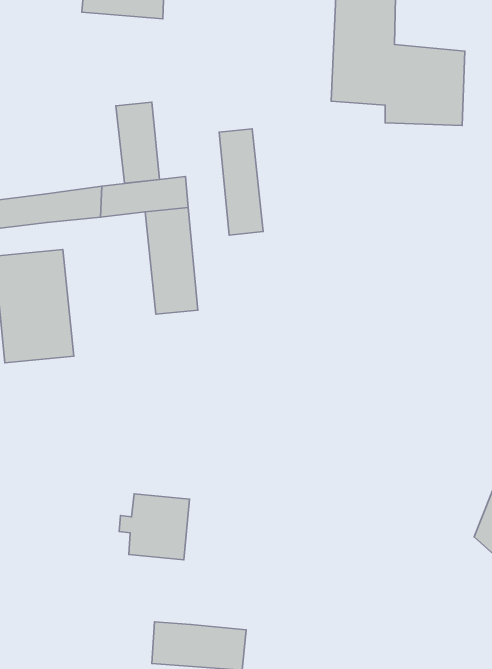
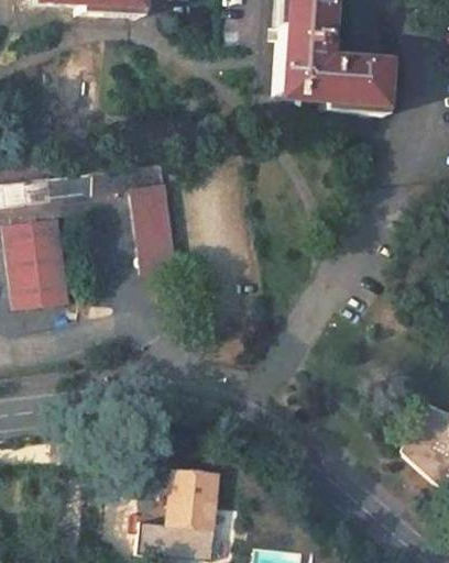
building: [116,102,159,183] -> none
building: [219,129,263,235] -> none
building: [119,494,189,560] -> [160,473,217,527]

